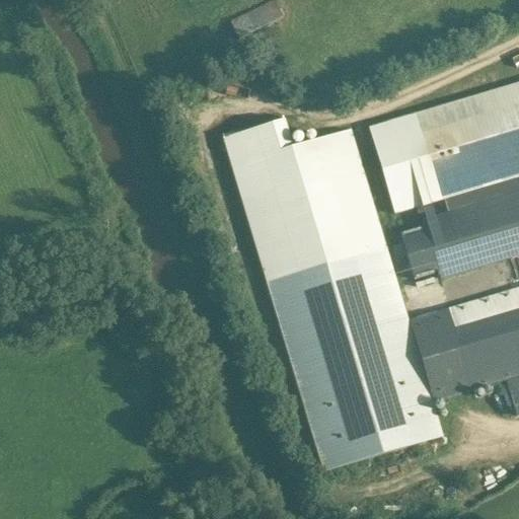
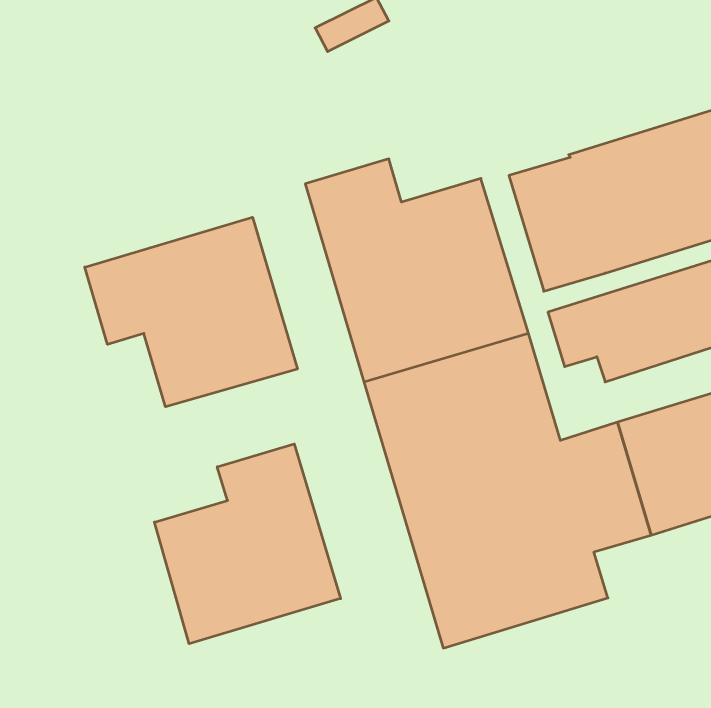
building: none -> [85,217,297,407]
building: none -> [154,444,341,644]

